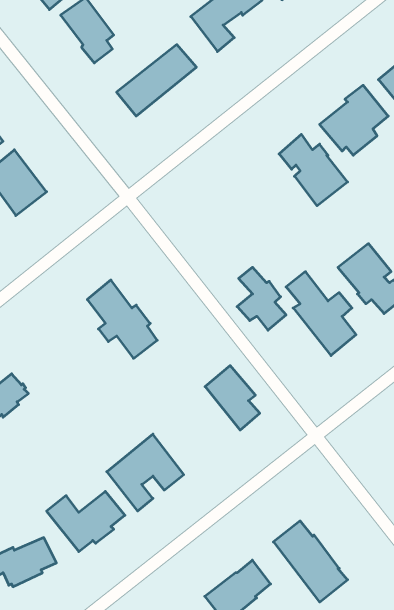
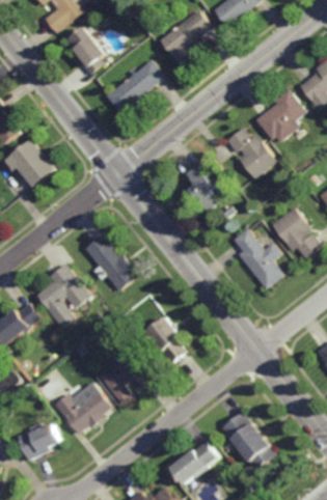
building: [237,267,286,330] -> [182,165,218,212]
building: none -> [33,265,88,330]
building: [205,366,260,430] -> [144,317,185,365]

